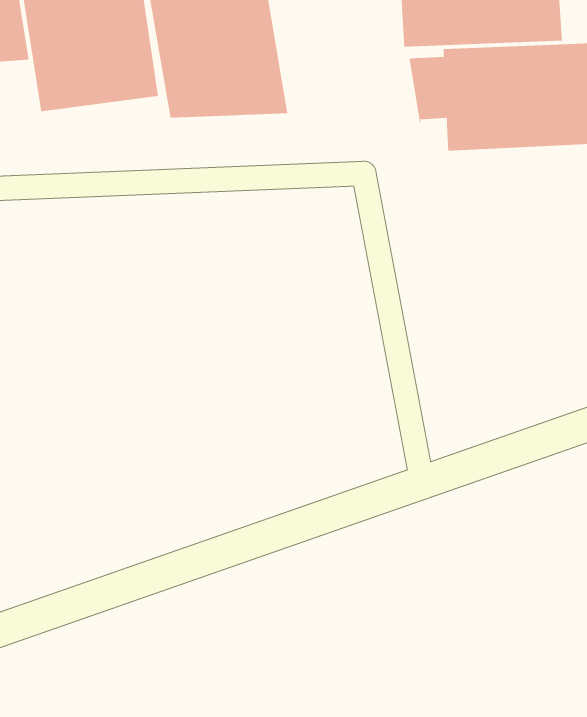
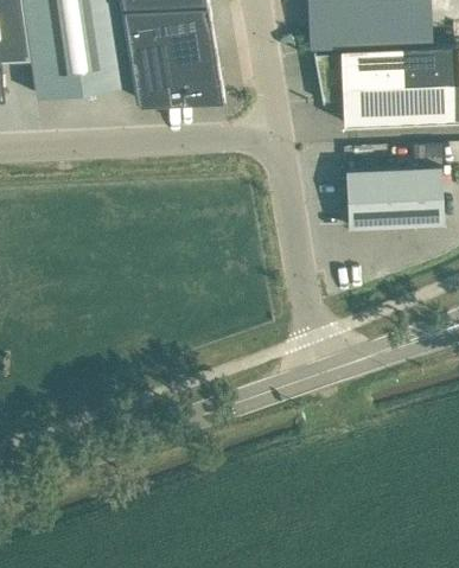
building: none -> [346,161,444,223]

